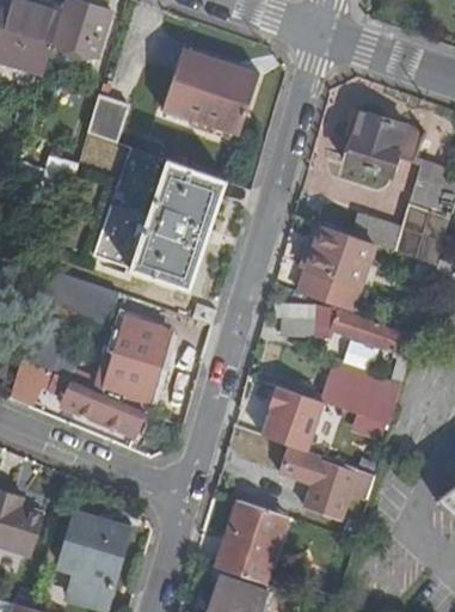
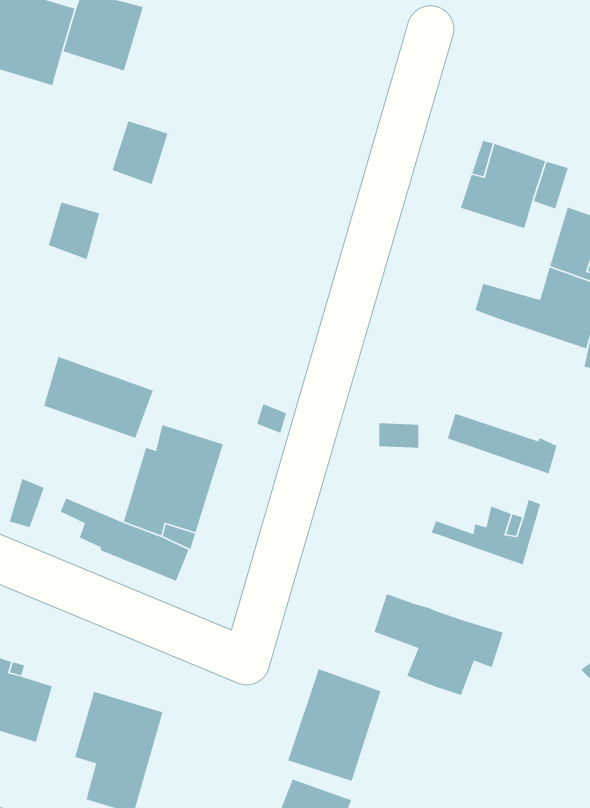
building: [161,50,259,136] -> none
building: [93,148,226,288] -> none
building: [297,225,371,310] -> none
building: [260,385,325,451] -> none

